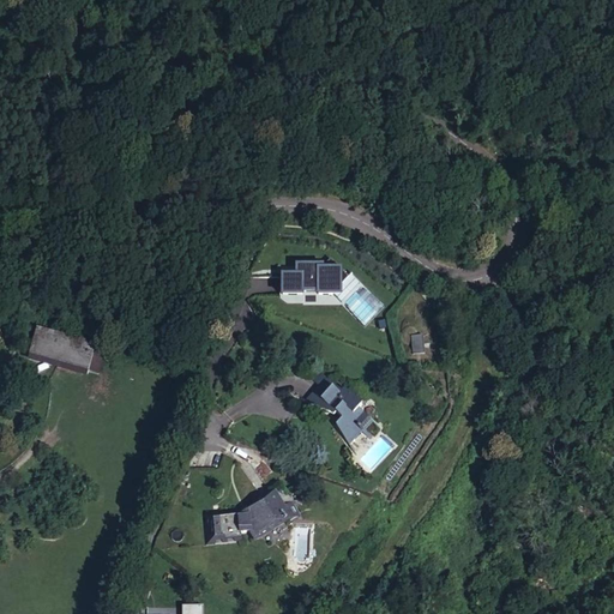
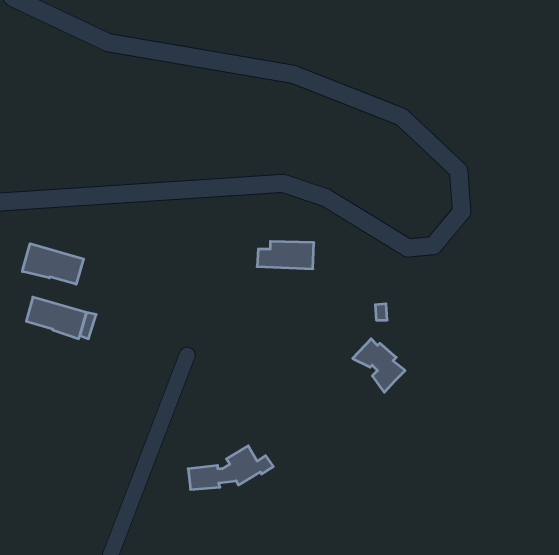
building: none -> [22,244,84,284]
building: [314,381,372,440] -> [353,339,405,392]

